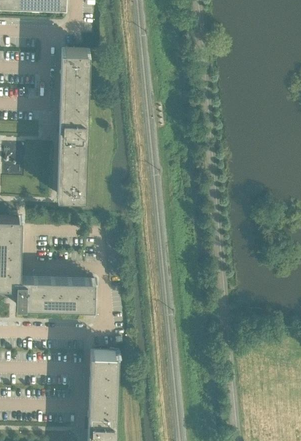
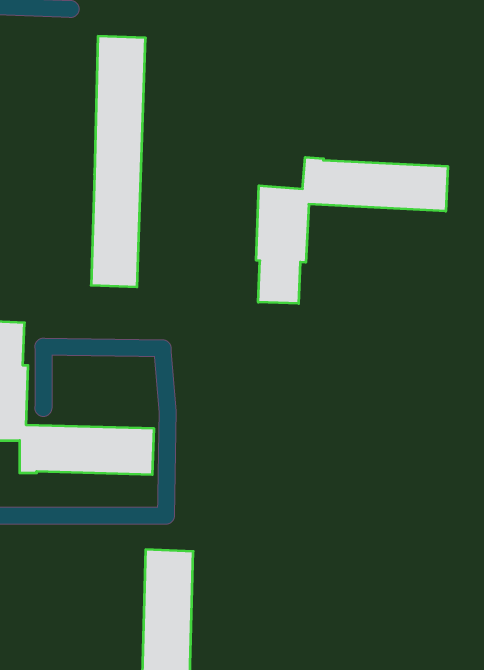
building: none -> [256,157,448,304]

